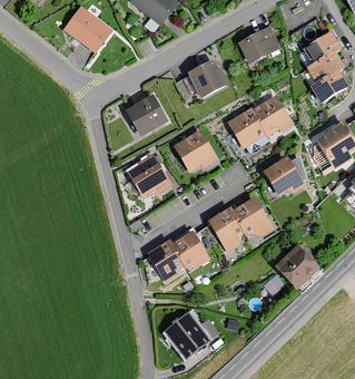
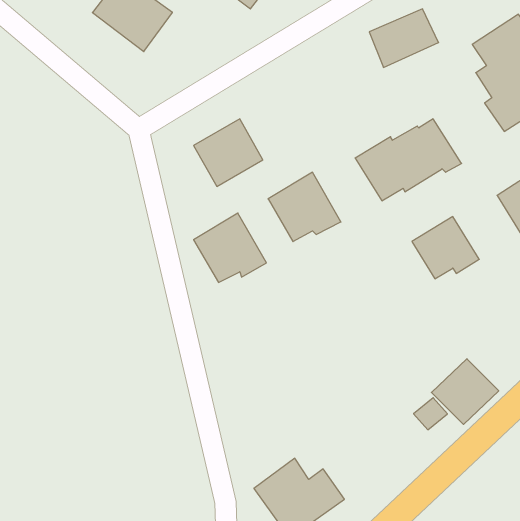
building: [187,59,229,99] -> none
building: [209,201,273,251] -> none
building: [147,231,210,281] -> none

